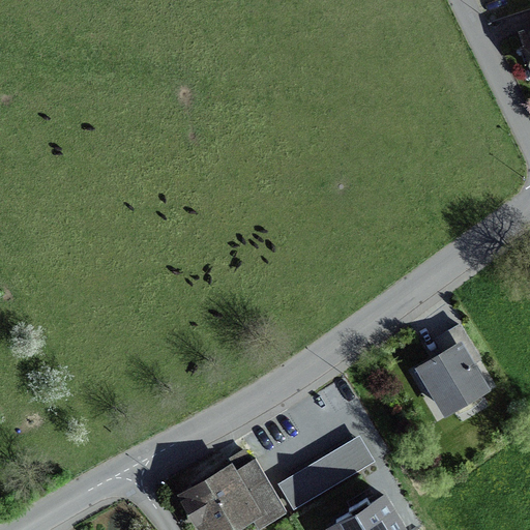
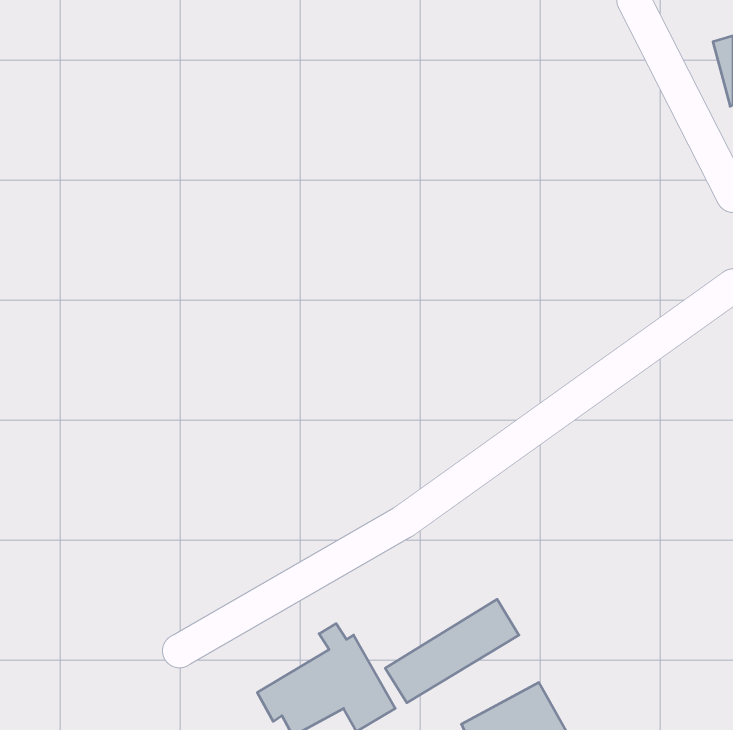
building: [414,328,483,413] -> none

